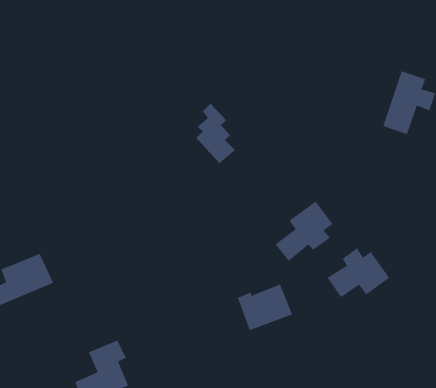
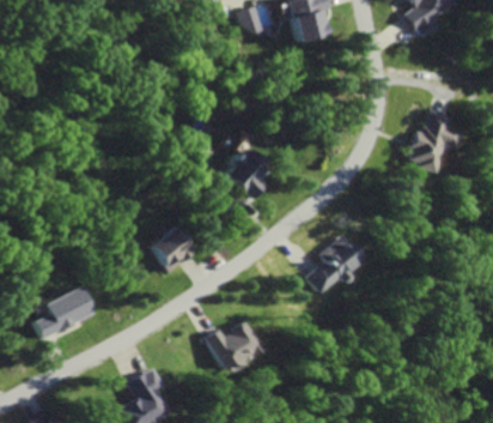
building: none -> [151,223,199,272]
building: [327,247,390,298] -> none
building: [237,284,293,331] -> [209,321,263,367]

